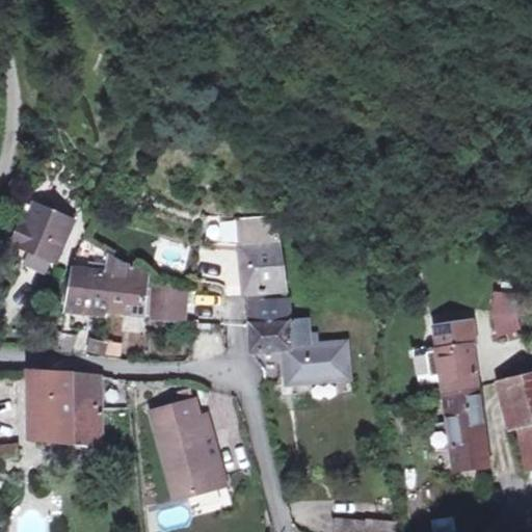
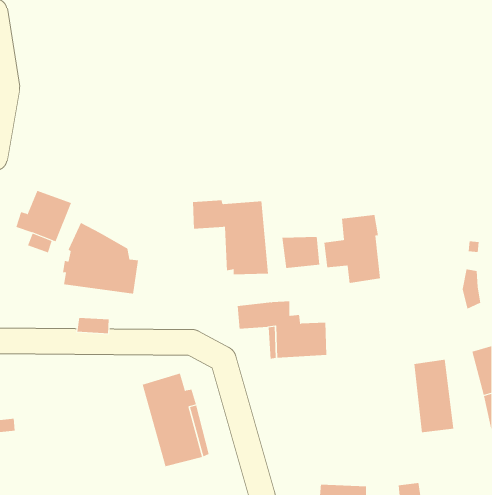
building: [150,287,184,321] -> none
building: [249,294,291,328] -> [281,237,320,269]
building: [416,317,477,391] -> [324,215,381,283]
building: [21,375,106,449] -> none

